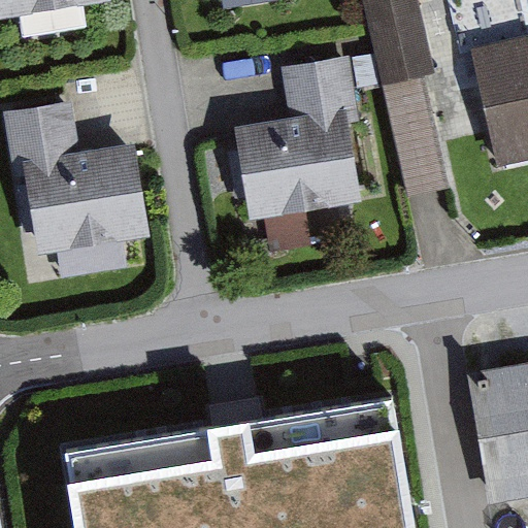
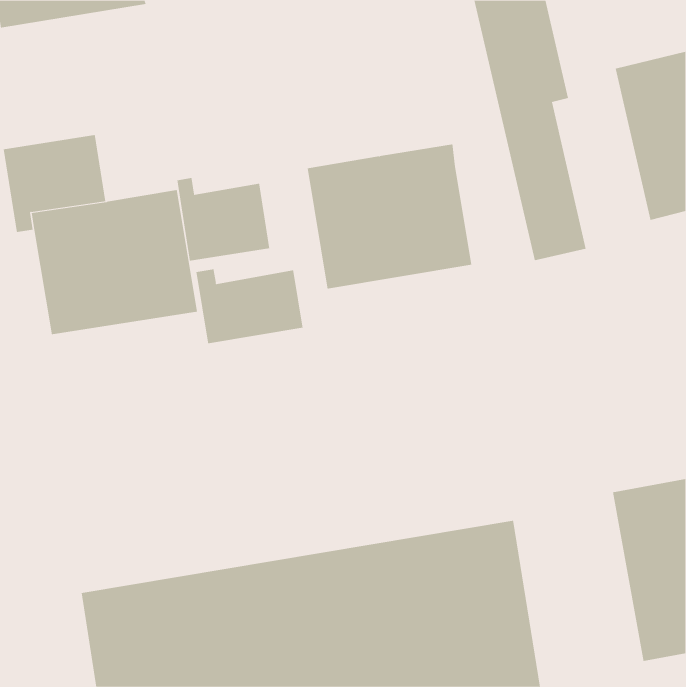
building: [283,59,362,128] -> none
building: none -> [177,177,270,261]
building: none -> [196,268,303,344]

